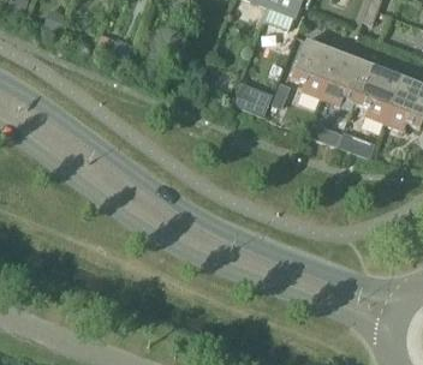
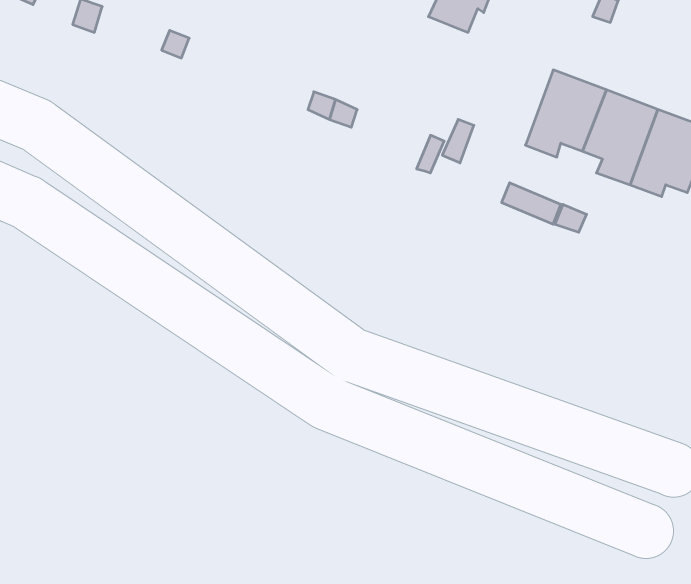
building: [291,37,338,96] -> none

